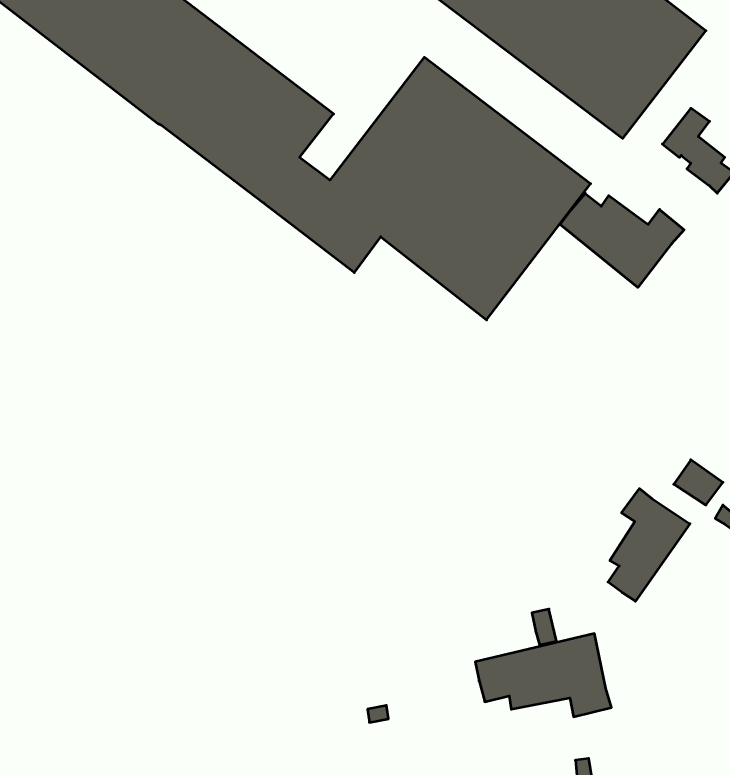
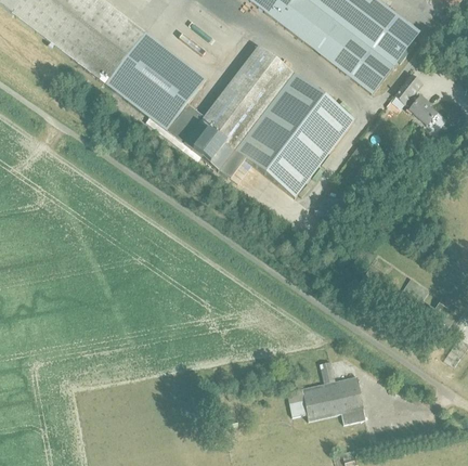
building: [560,193,684,287] -> none
building: [608,489,690,601] -> none

